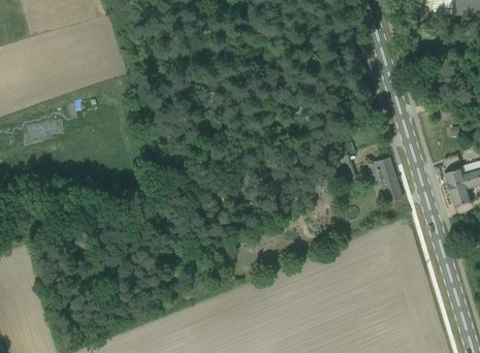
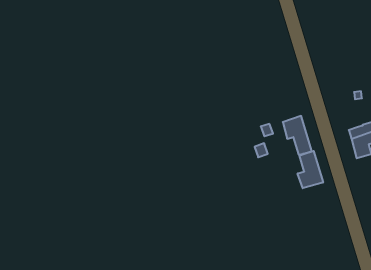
building: none -> [298,151,323,188]

